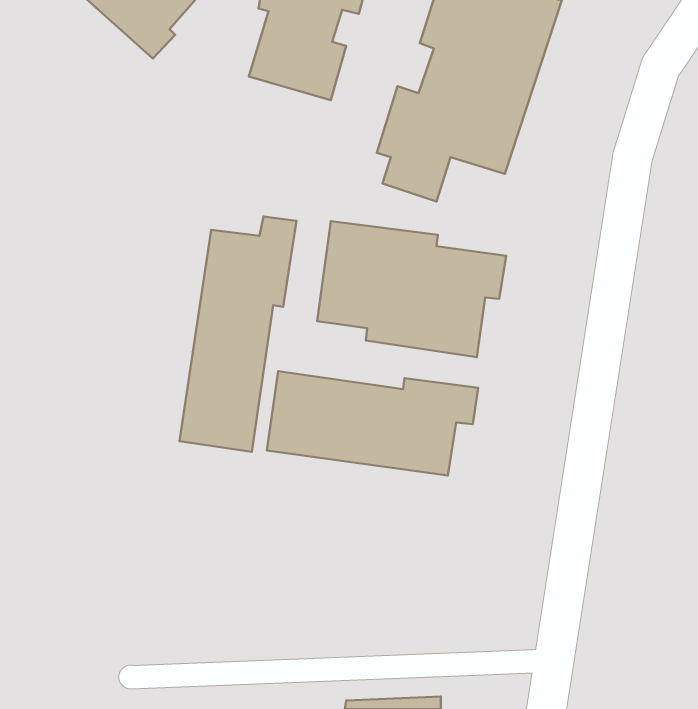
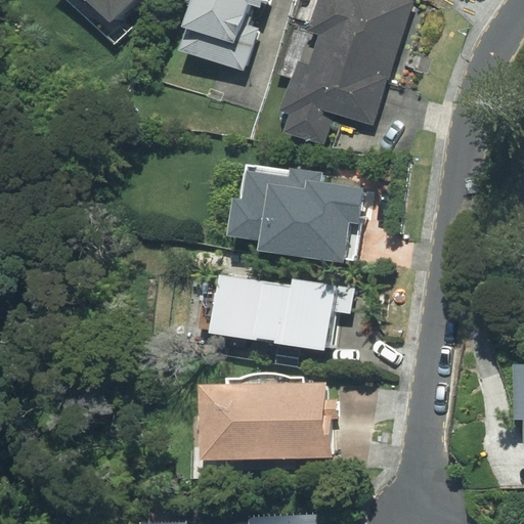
building: [179,217,297,452] -> none
building: none -> [202,380,339,461]

